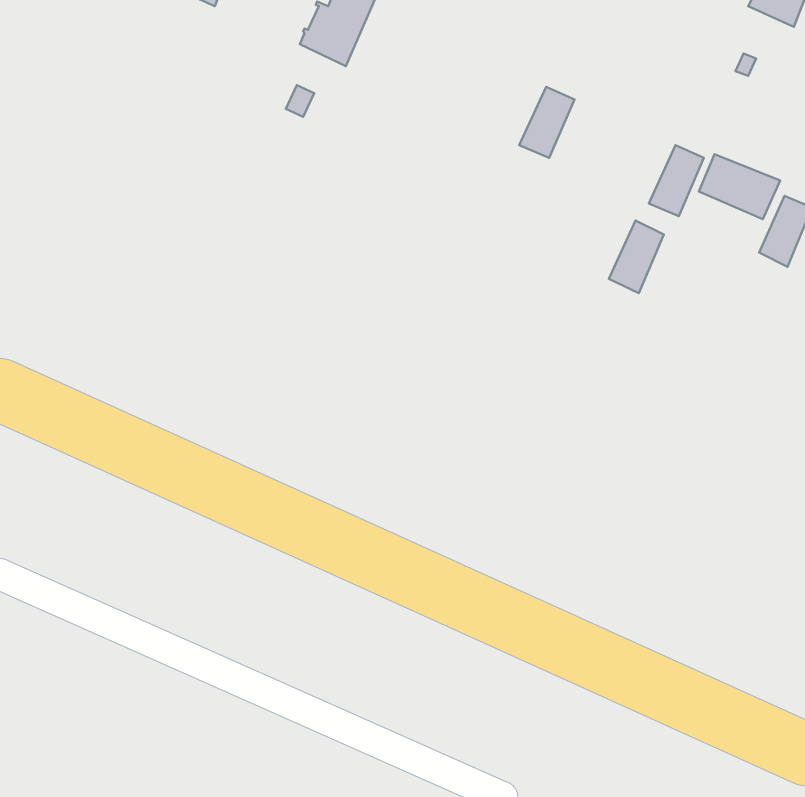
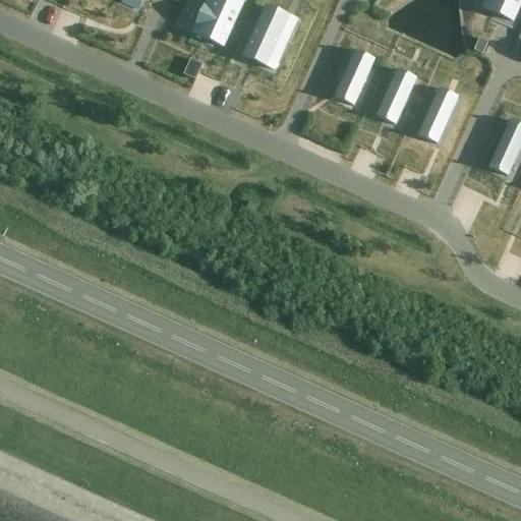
building: none -> [245,10,287,65]
building: [699,154,780,219] -> none
building: [609,220,664,293] -> [378,74,413,121]

